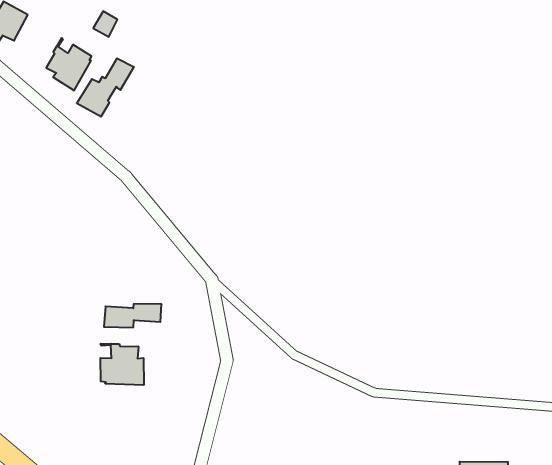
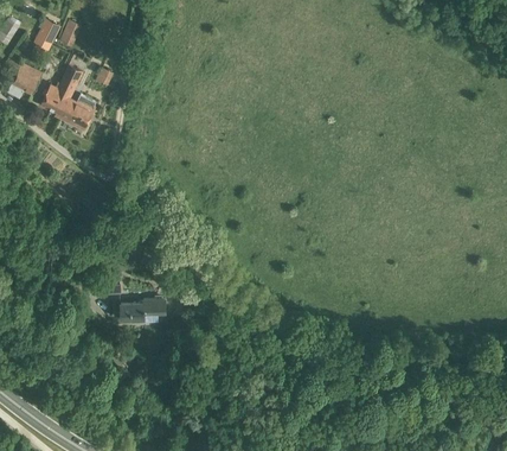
building: [77,59,134,117] -> [40,66,84,114]
building: [100,344,144,385] -> none

